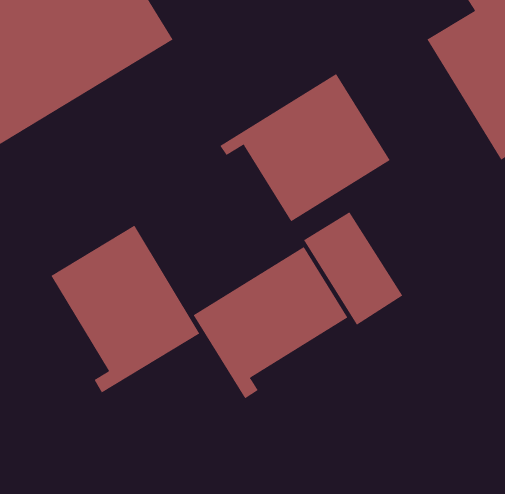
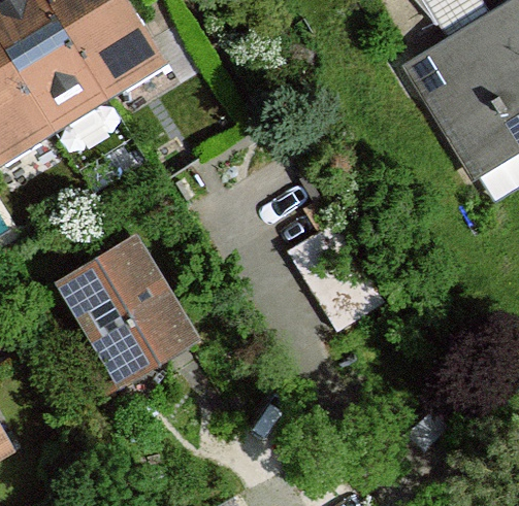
building: [220,73,390,222] -> none
building: [193,246,348,399] -> none

